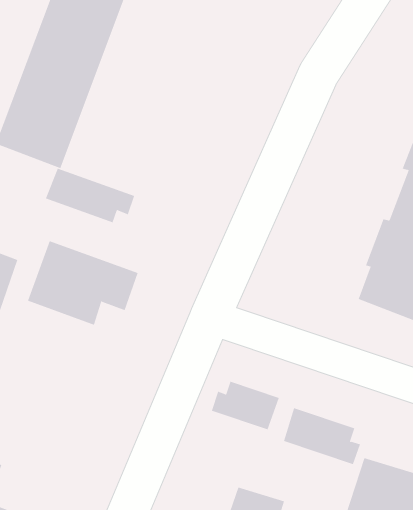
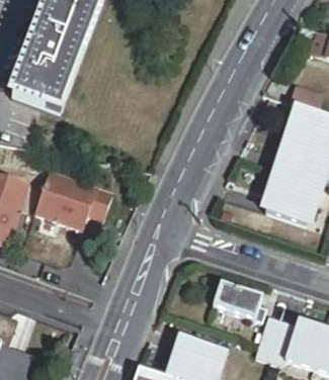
building: [45,168,135,223] -> none
building: [211,381,280,430] -> none

